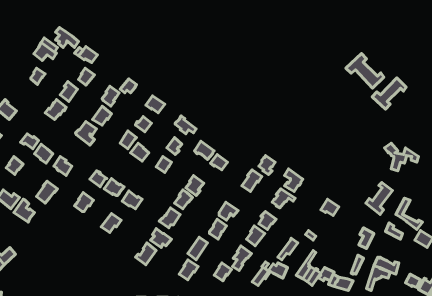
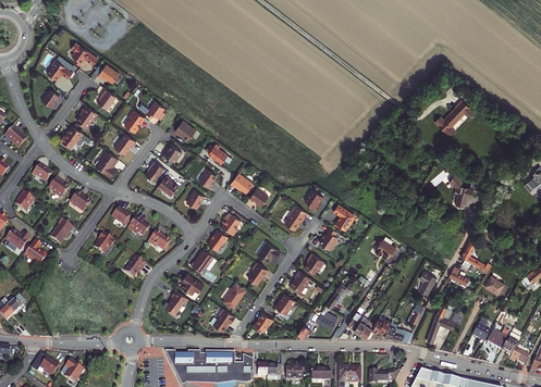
building: [346,54,384,88] -> none
building: [366,182,393,215] -> none

